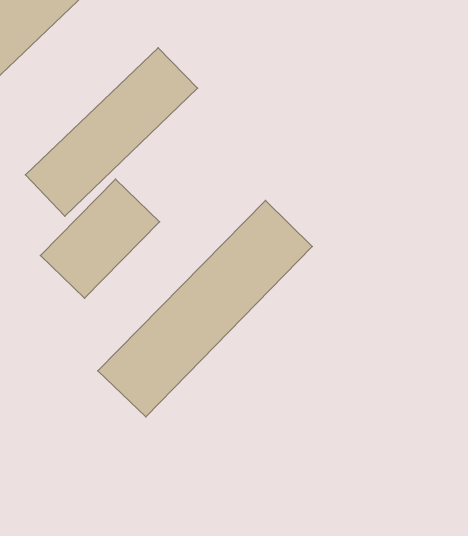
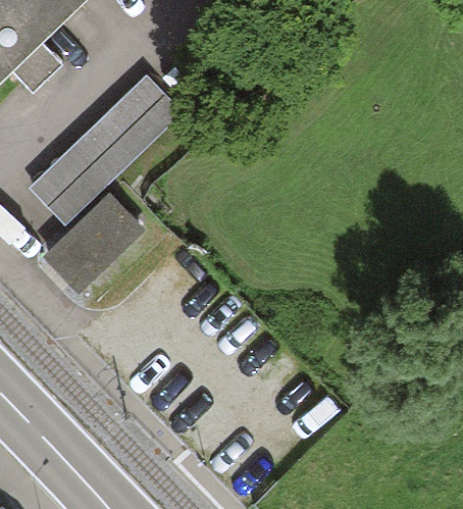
building: [98,200,312,417] -> none

